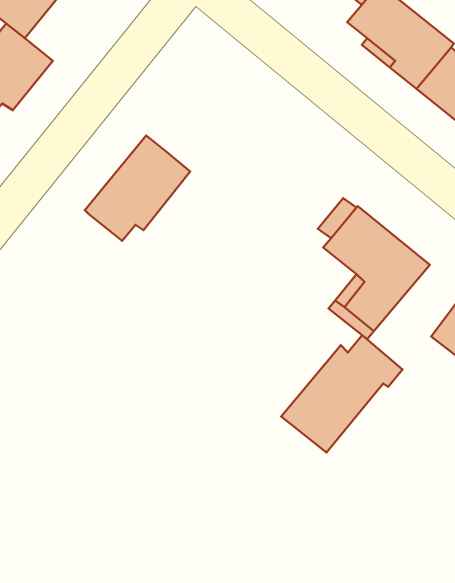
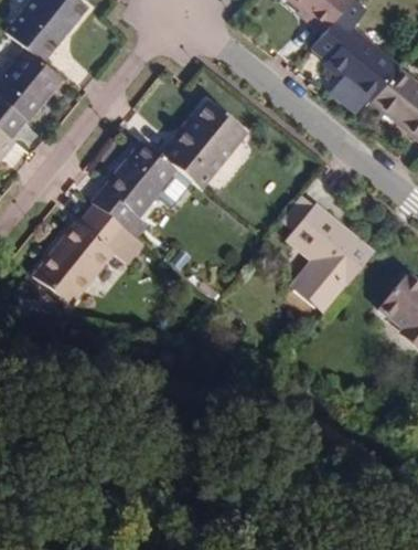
building: none -> [159,102,246,188]
building: none -> [30,207,126,313]
building: [281,335,403,453] -> none

